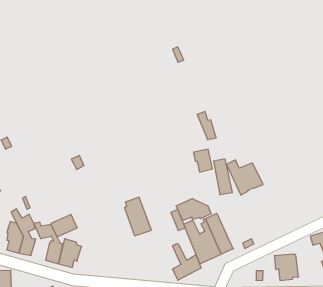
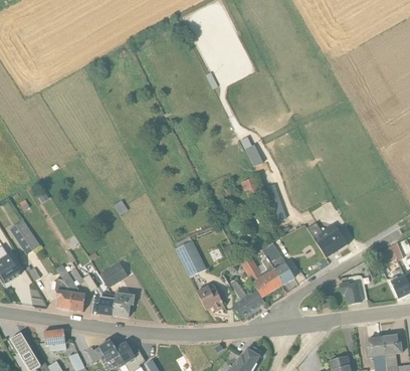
building: [226,160,263,195] -> [306,221,348,257]
building: [176,198,211,220] -> none
building: none -> [196,282,224,311]

